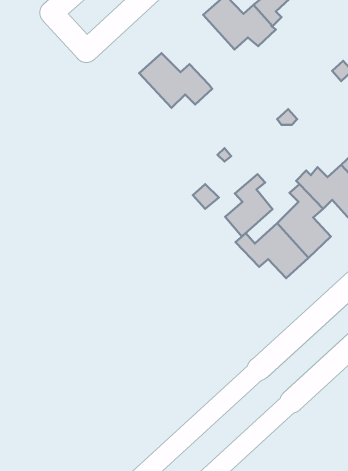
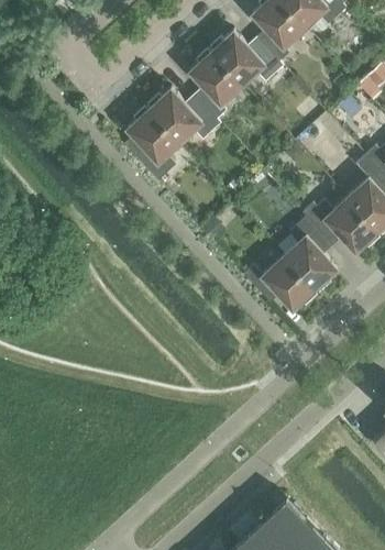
building: none -> [189,51,242,119]
building: none -> [126,108,180,180]
building: [225,174,272,237] -> none

